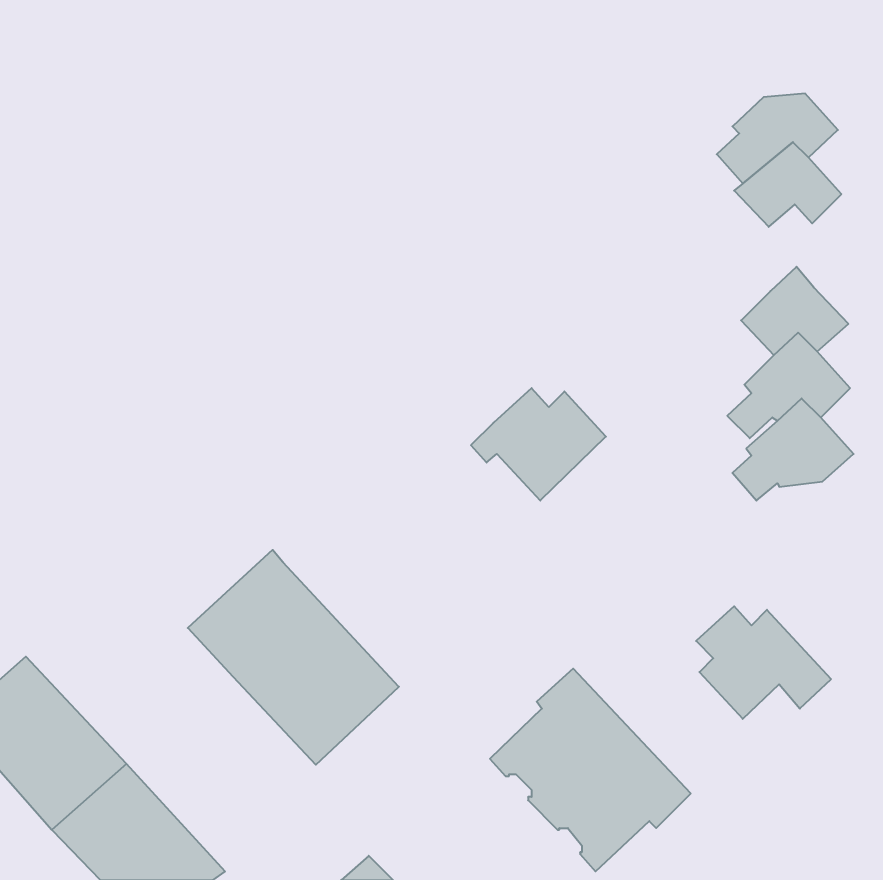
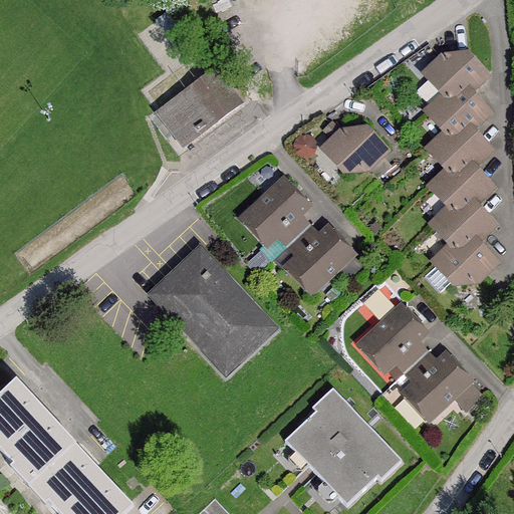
building: none -> [158,69,239,145]
building: none -> [428,118,490,169]
building: none -> [323,120,386,169]
building: none -> [244,179,308,245]
building: none -> [361,305,426,371]
building: [188,550,399,765] -> [151,248,273,372]

